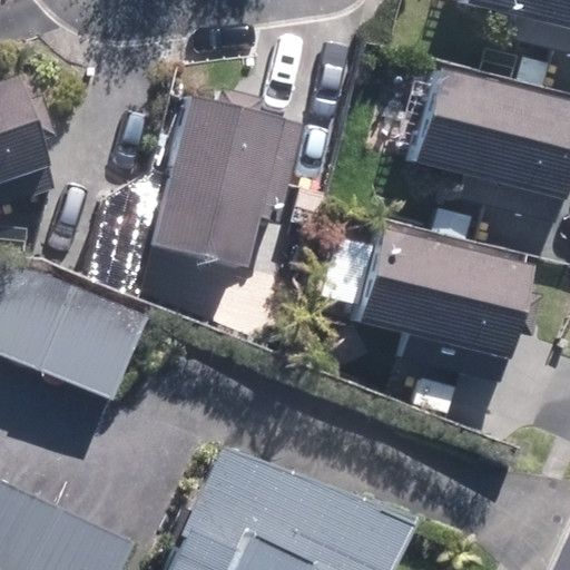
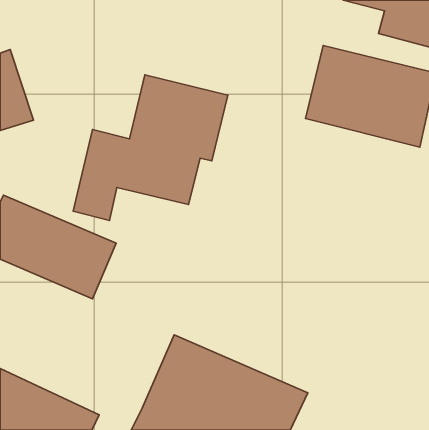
building: [355,208,535,384] -> none

